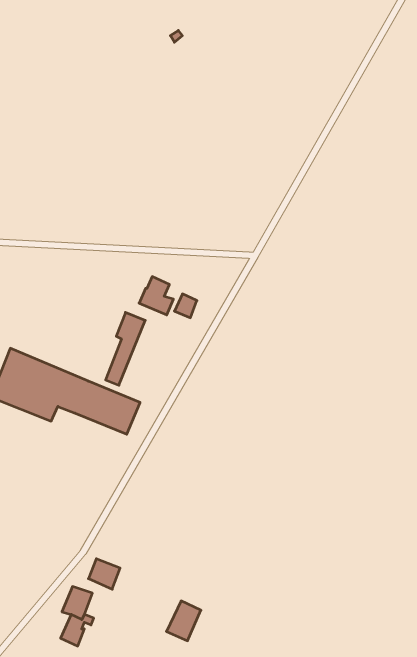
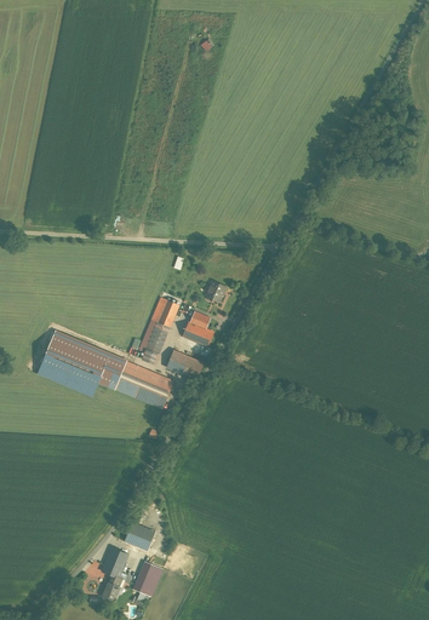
building: [139,277,173,315] -> [182,310,213,345]
building: none -> [166,350,202,379]
building: [166,601,201,641] -> [132,561,164,597]

